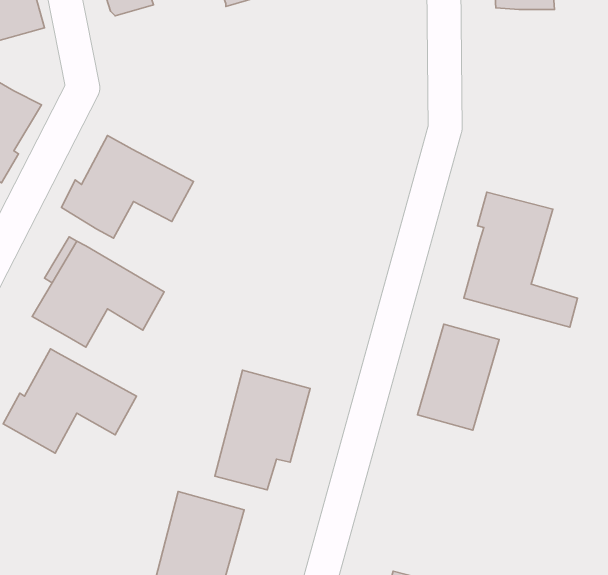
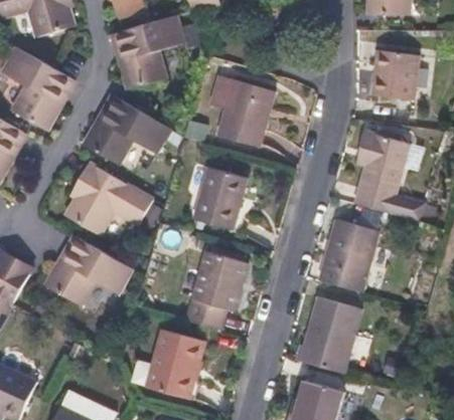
building: none -> [117,14,186,88]
building: none -> [372,52,418,103]
building: none -> [217,78,275,146]
building: none -> [194,166,247,229]
building: none -> [297,297,349,371]

